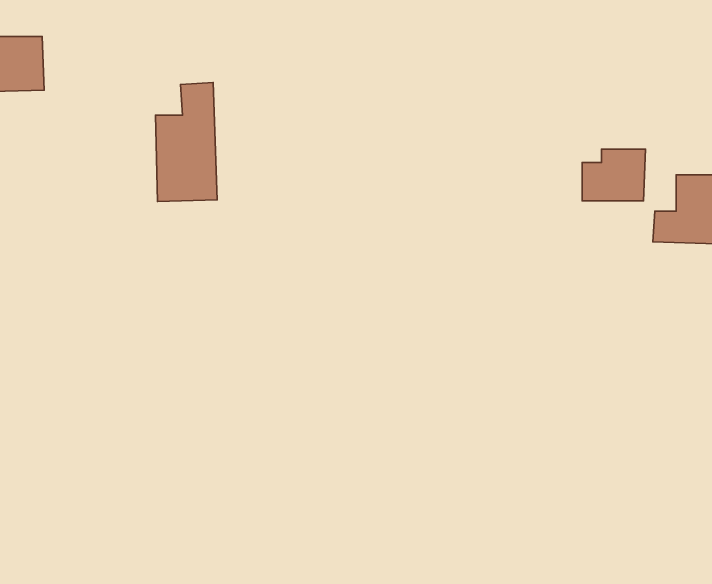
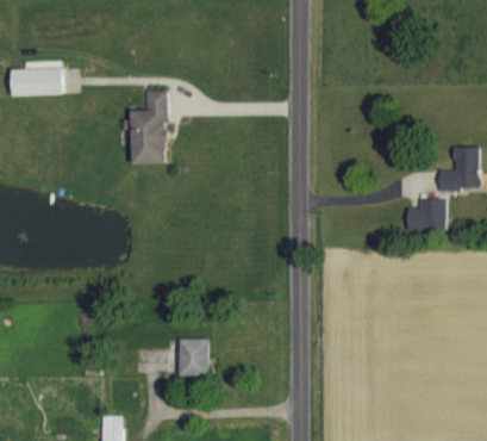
building: [582,149,646,201] -> [406,199,445,231]
building: none -> [179,340,207,377]

